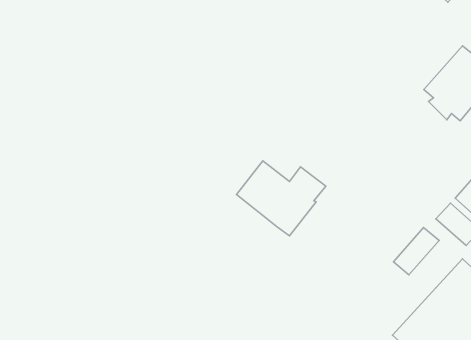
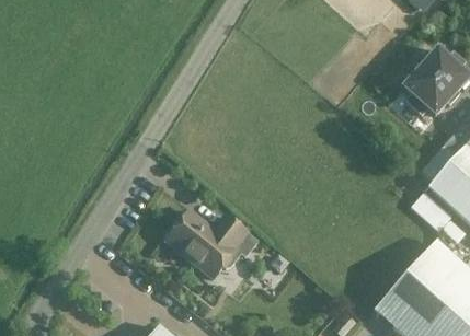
building: [236,161,326,236] -> [165,207,247,275]
building: [393,228,439,275] -> none

